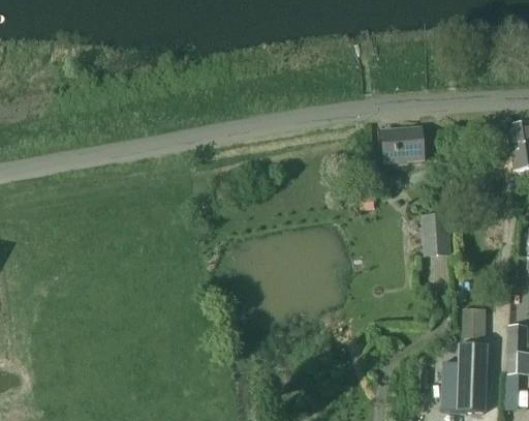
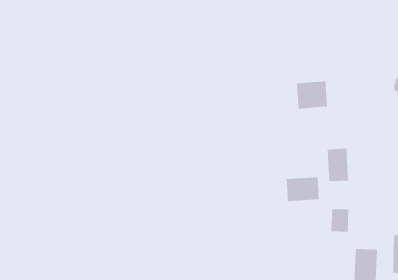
building: none -> [286,176,319,202]
building: [462,307,486,337] -> [331,209,349,232]

